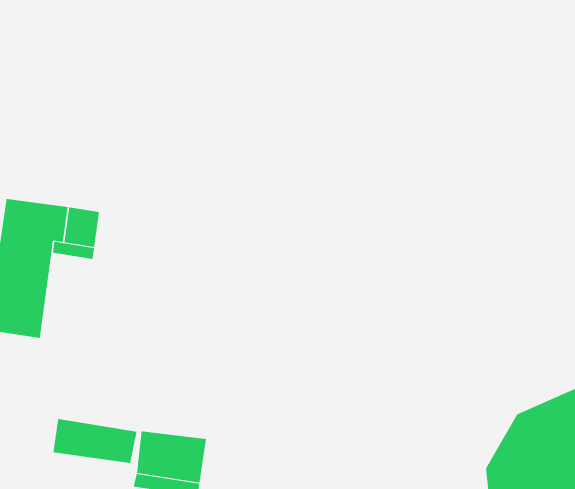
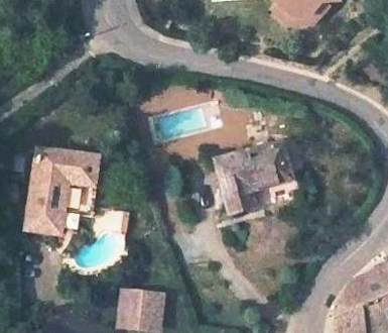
building: none -> [215,143,290,215]
building: [53,418,137,464] -> none

